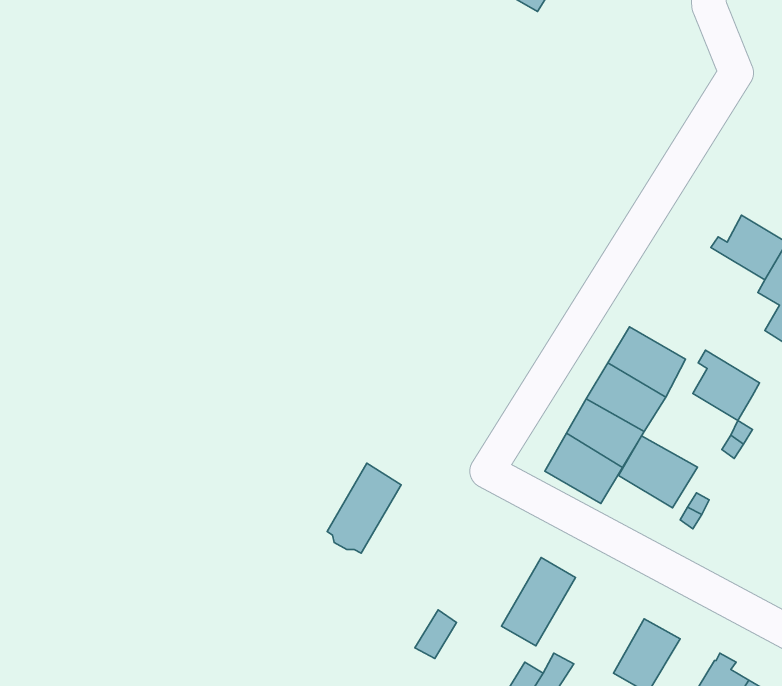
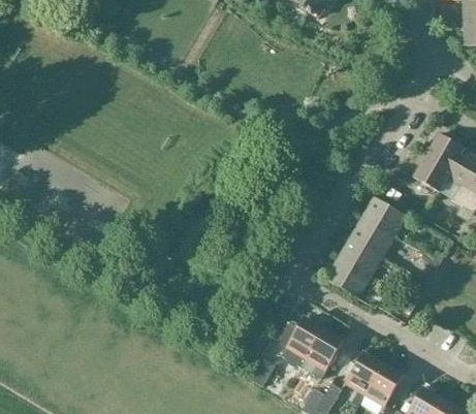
building: [693,350,760,421] -> [413,150,451,190]
building: [618,436,697,508] -> none
building: [327,463,401,553] -> [281,315,323,367]
building: none -> [344,350,382,393]

